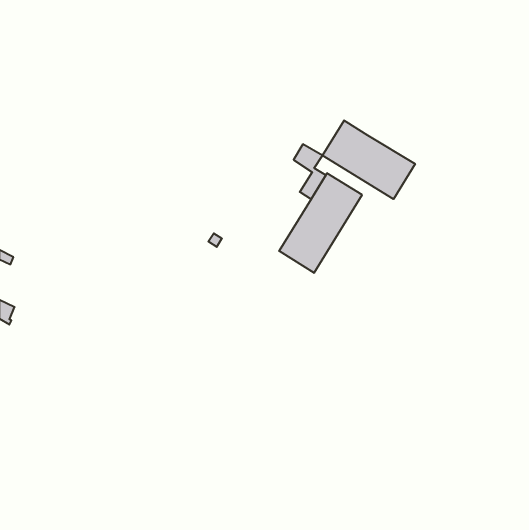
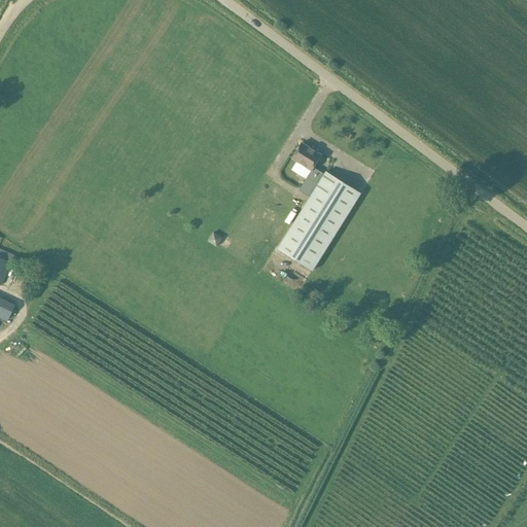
building: [323,120,415,199] -> none

